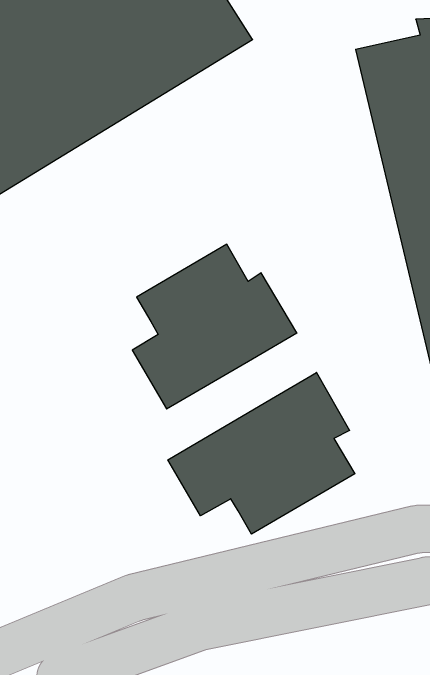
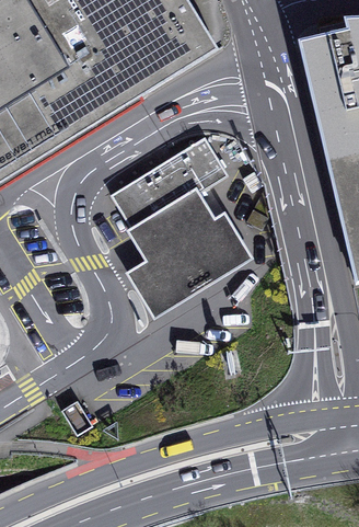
building: none -> [108,135,230,231]
building: [168,372,355,534] -> none

